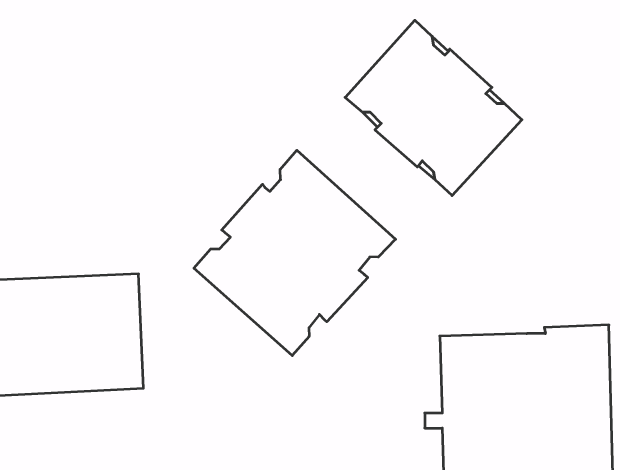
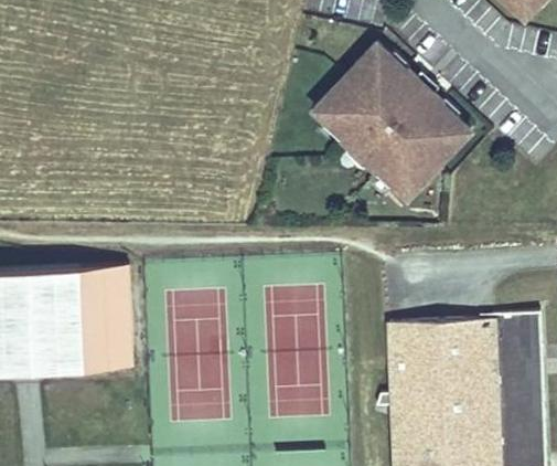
building: [194,150,396,356] -> none

